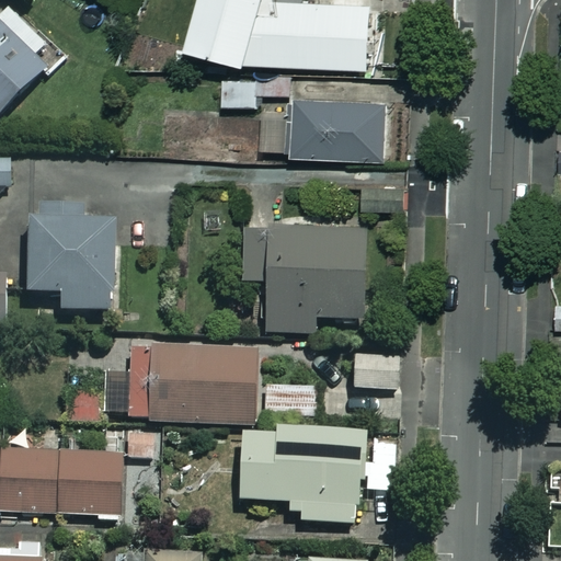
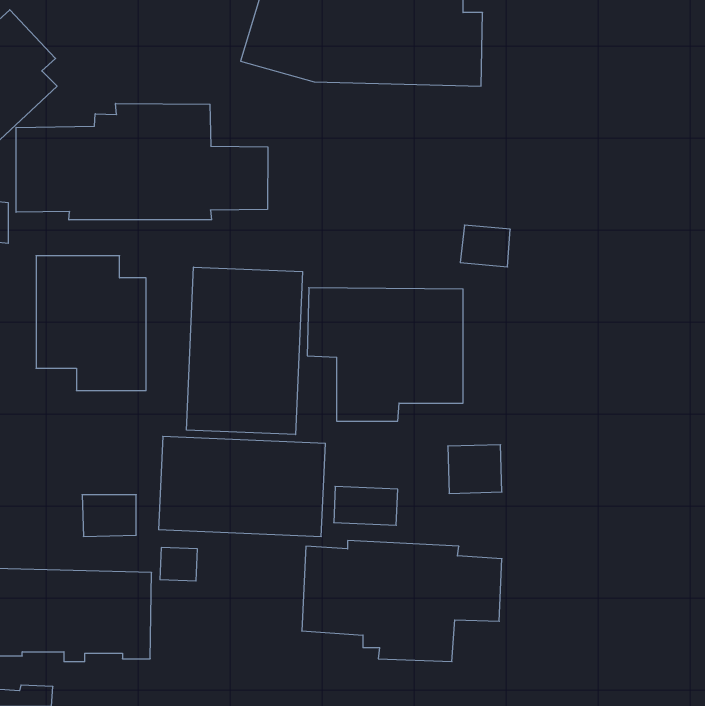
building: none -> [16,103,268,220]
building: [289,99,386,159] -> none
building: none -> [187,267,303,435]

